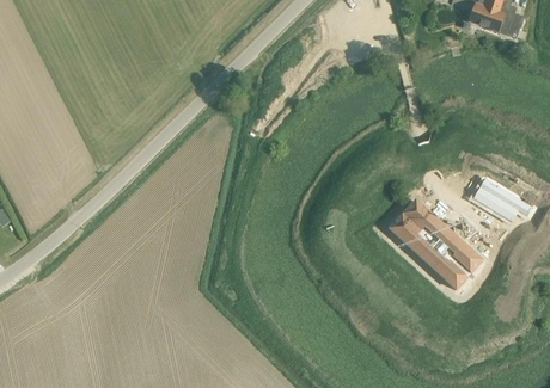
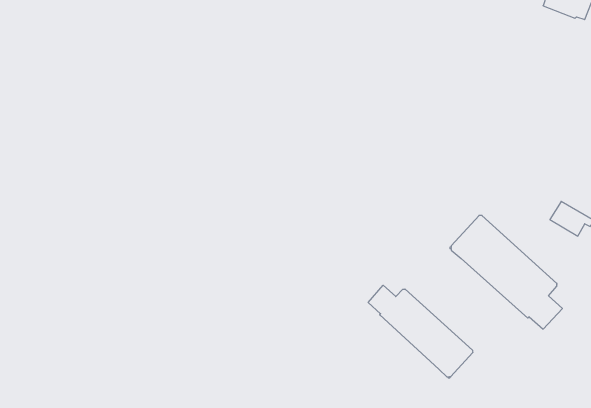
building: none -> [368,285,473,378]

